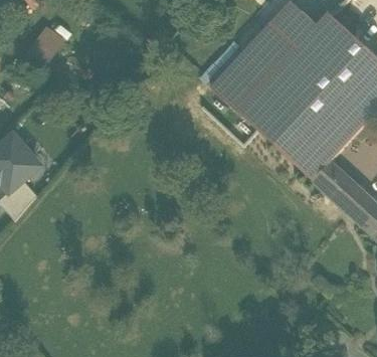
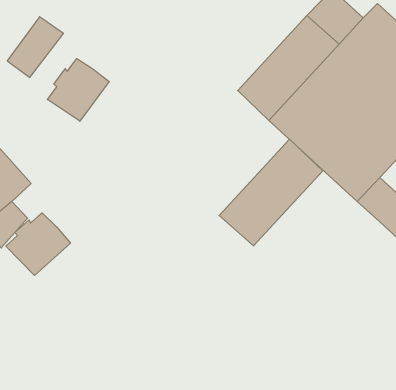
building: none -> [47,59,109,121]
building: none -> [219,139,323,246]
building: none -> [6,213,70,275]

